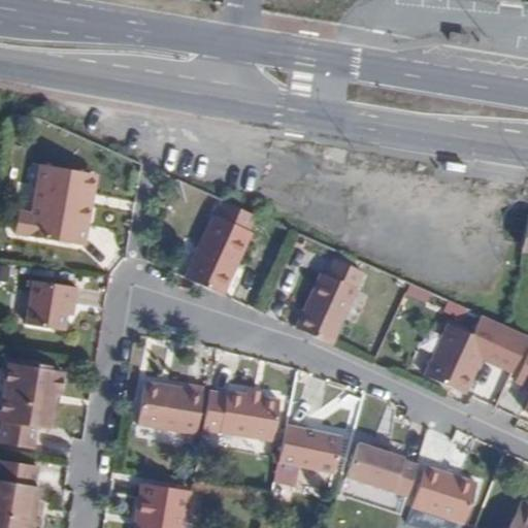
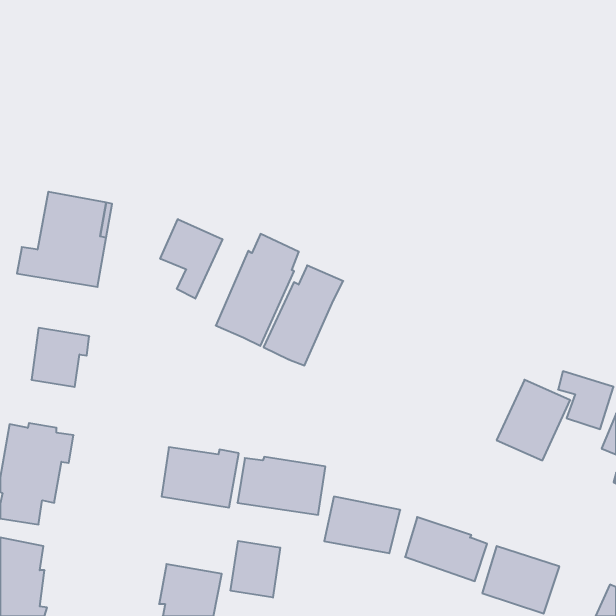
building: none -> [160,219,222,299]
building: [296,259,364,344] -> [264,265,343,365]
building: none -> [231,541,280,598]

